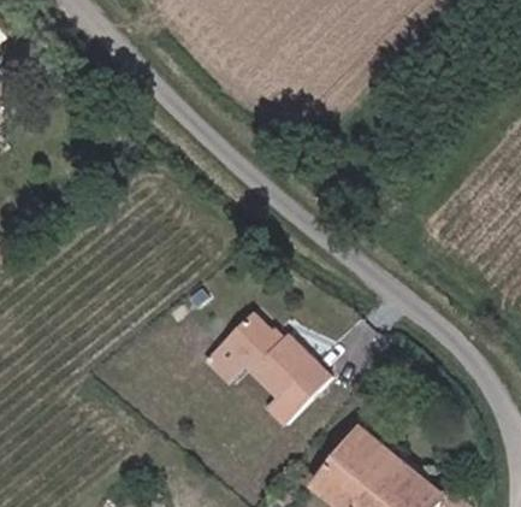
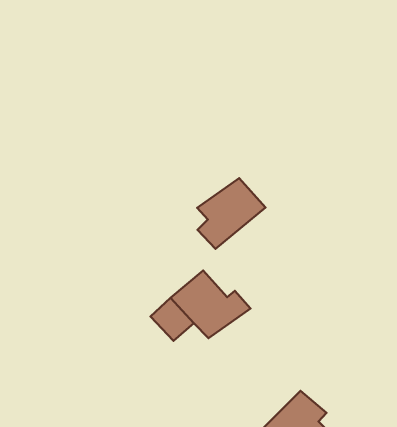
building: [262,348,333,424] -> [197,178,265,249]

